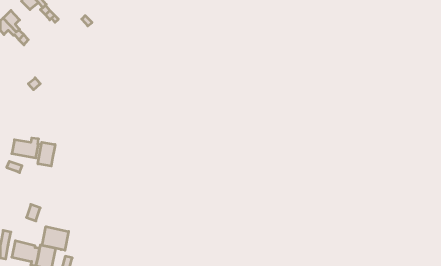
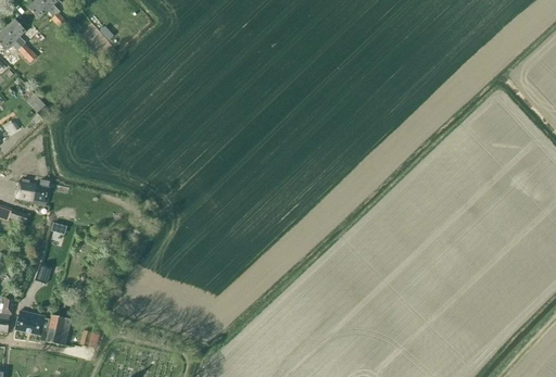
building: [38,142,55,166] -> none
building: [42,227,69,250] -> none

